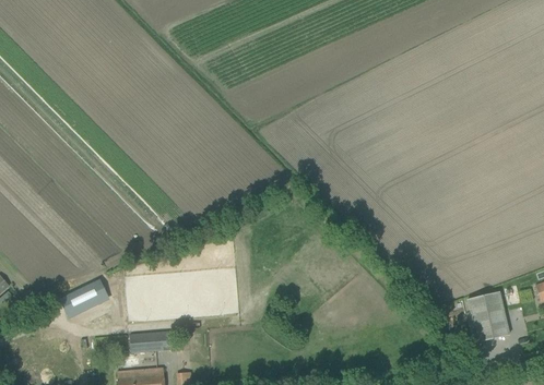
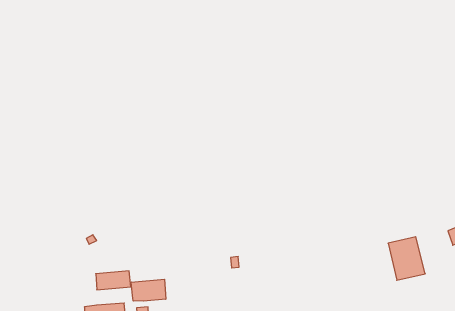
building: [59,278,107,314] -> none
building: none -> [131,279,166,301]

